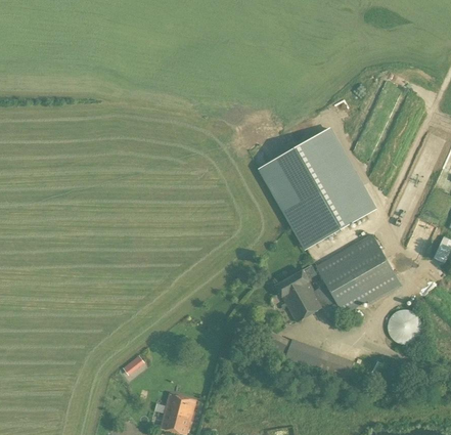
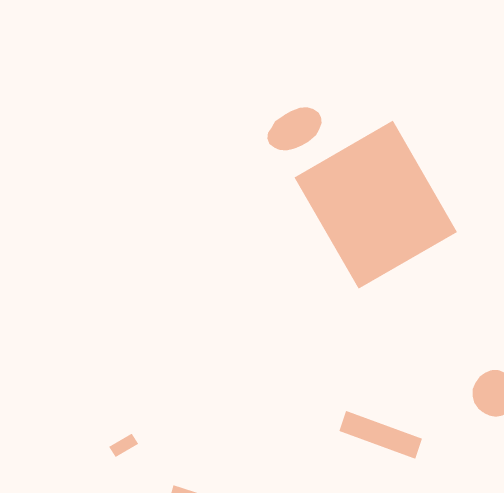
building: none -> [267,107,322,151]
building: [274,233,401,325] -> none

